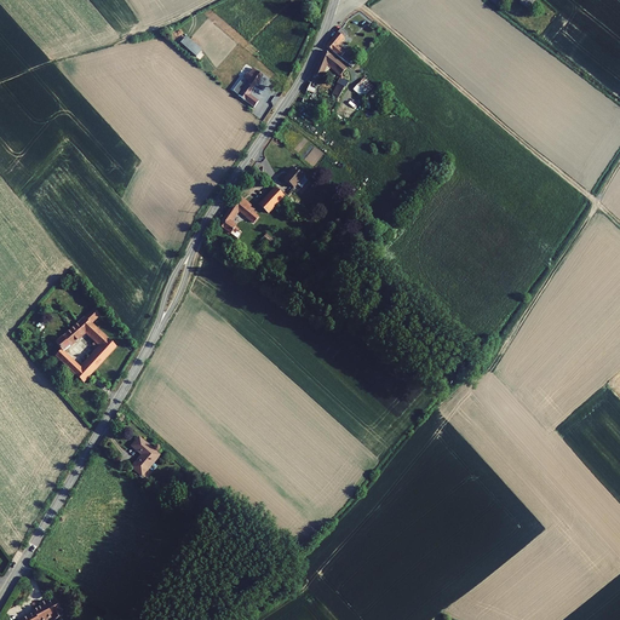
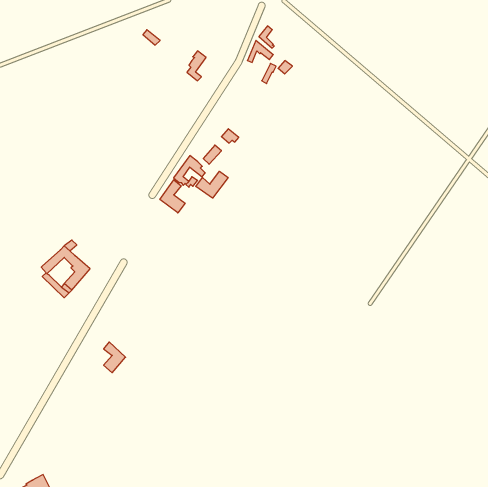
building: none -> [196,171,228,198]
building: none -> [160,180,185,213]

